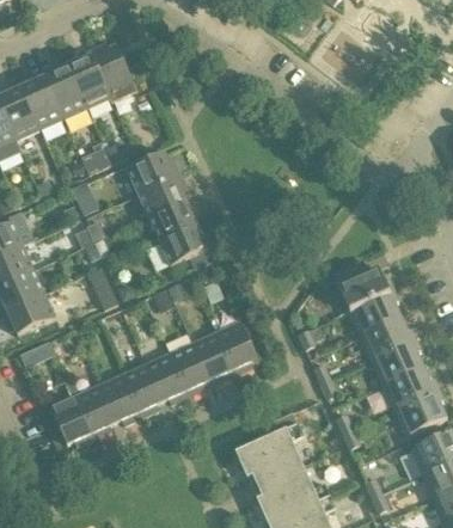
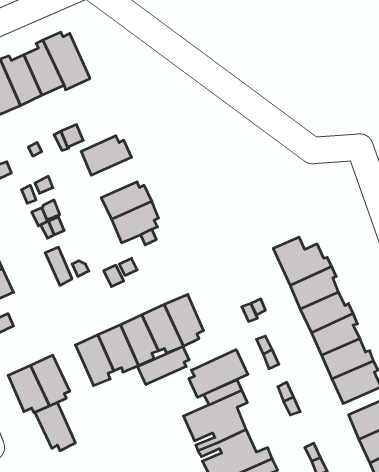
building: [137,174,189,217] -> none
building: [97,374,140,425] -> [35,402,75,451]
building: none -> [137,346,189,385]
building: none -> [189,350,248,397]

